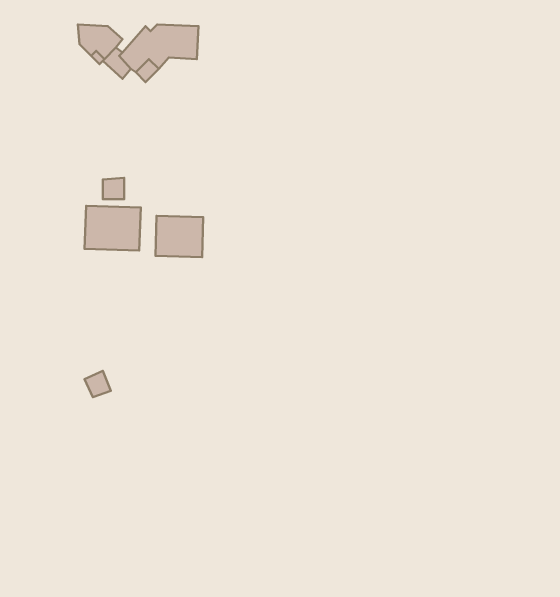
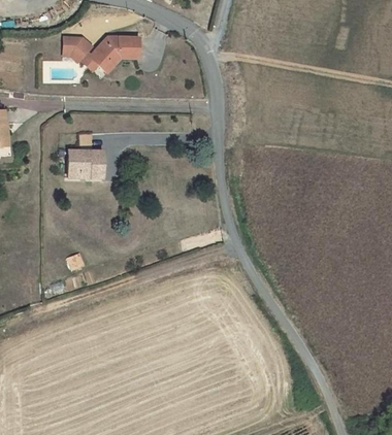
building: [155,216,203,257] -> none

